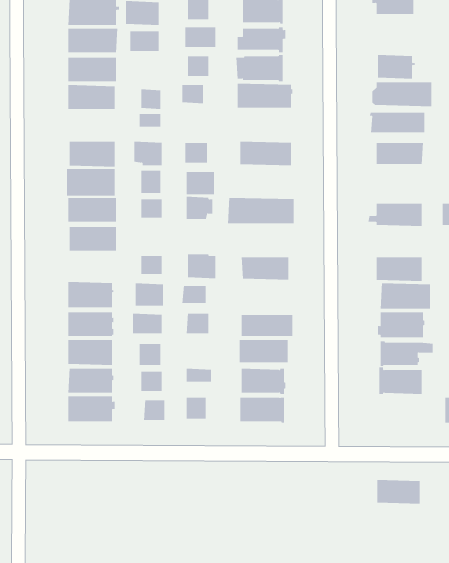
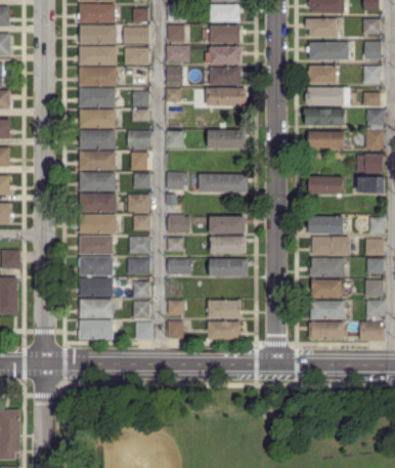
building: none -> [307,42,350,59]
building: none -> [80,109,117,129]
building: [186,172,215,195] -> [128,194,149,211]
building: none -> [81,215,118,232]
building: [239,339,289,363] -> [210,236,247,253]
building: [377,479,421,504] -> [312,321,345,339]

